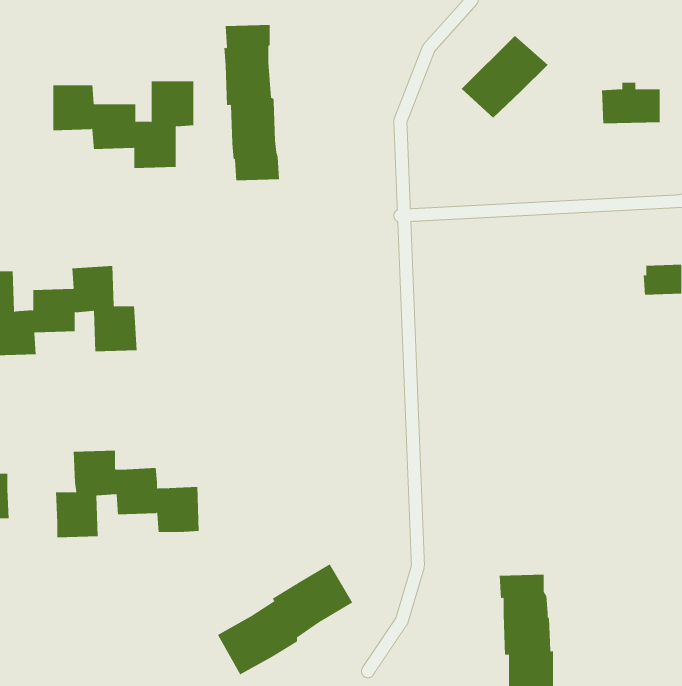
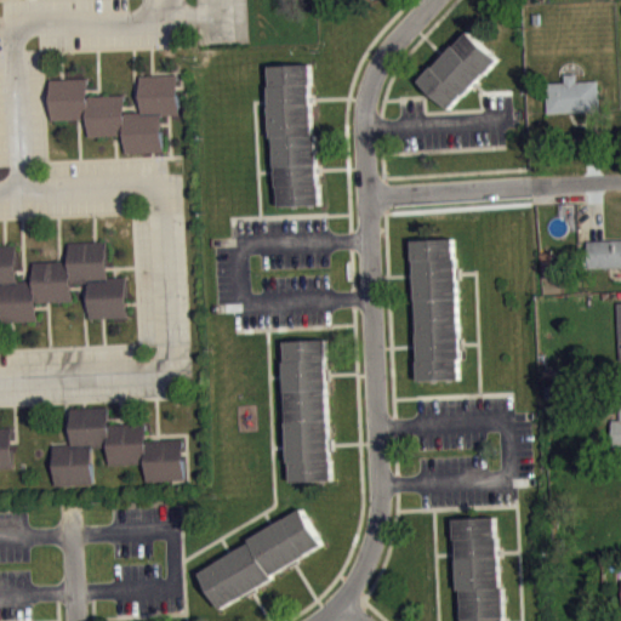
building: [223,25,280,181] -> [264,67,315,207]
building: none -> [408,239,456,381]
building: none -> [280,341,327,484]

